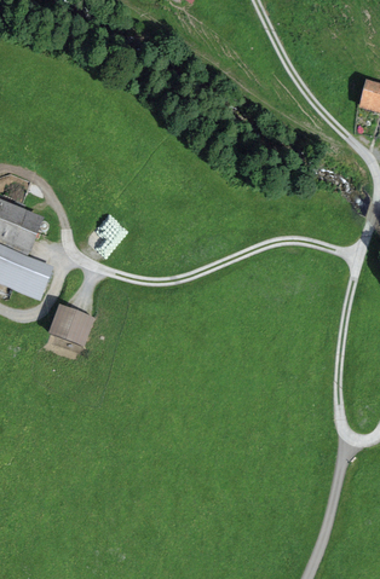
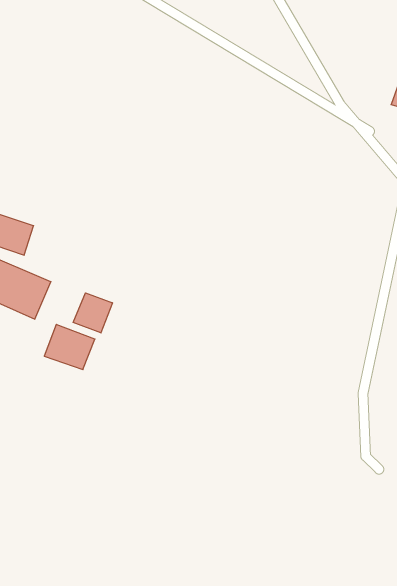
building: none -> [73,293,112,333]

